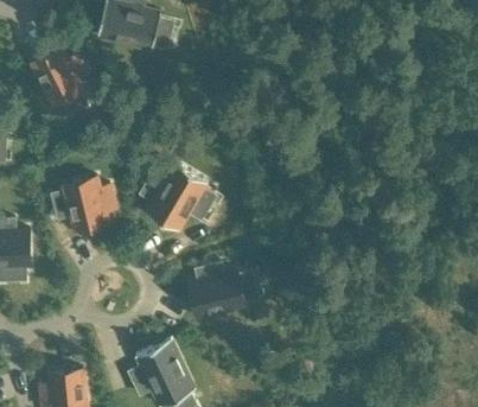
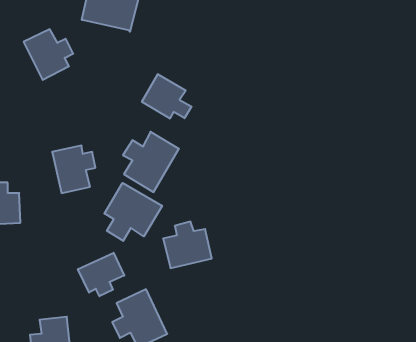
building: none -> [142,74,192,119]
building: none -> [104,183,162,241]
building: none -> [78,253,124,296]

